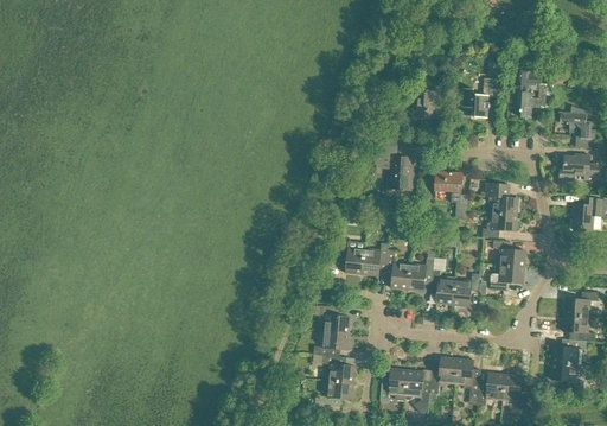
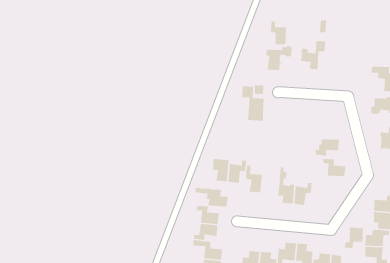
building: none -> [270,21,287,45]
building: [516,70,547,119] -> none
building: [435,172,468,224] -> none
building: [486,182,519,215] -> none
building: [408,257,434,292] -> none
building: [490,266,524,291] -> none
building: none -> [194,187,228,208]
building: none -> [344,227,364,249]

